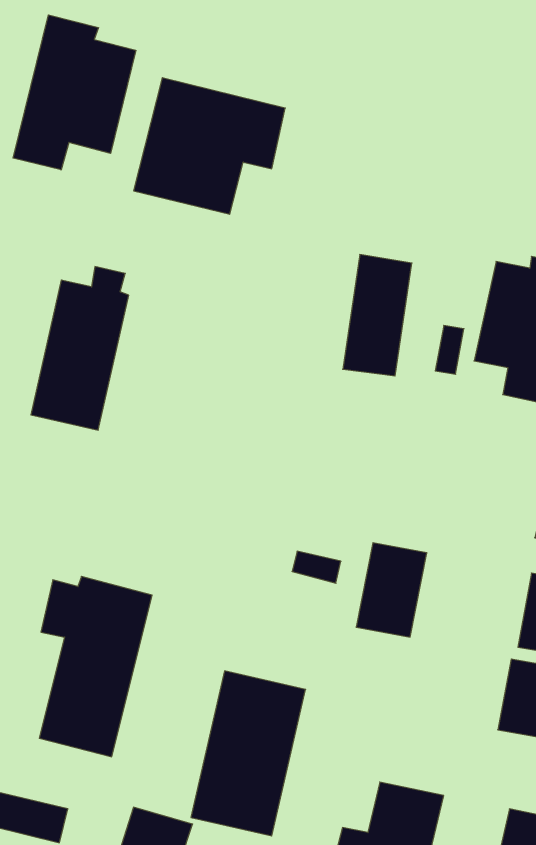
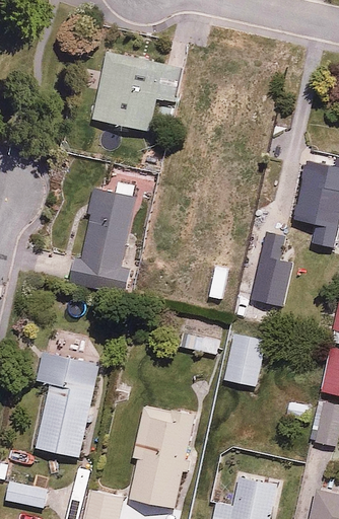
building: [13,15,136,170] -> none
building: [343,255,412,376] -> [253,233,294,306]
building: [31,267,129,430] -> [77,180,136,279]

